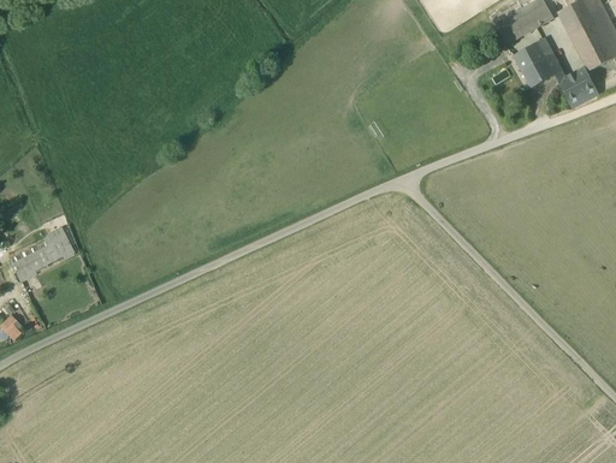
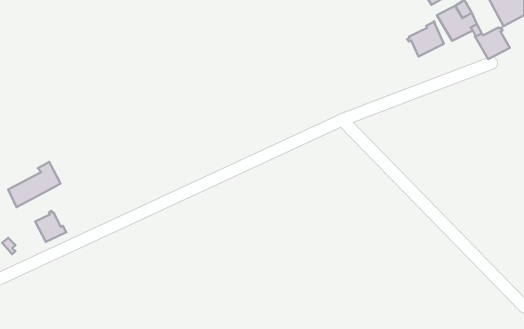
building: none -> [407,21,444,57]
building: none -> [35,211,67,242]

